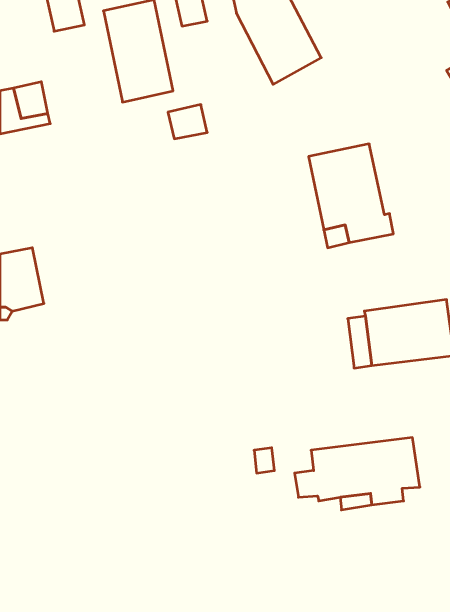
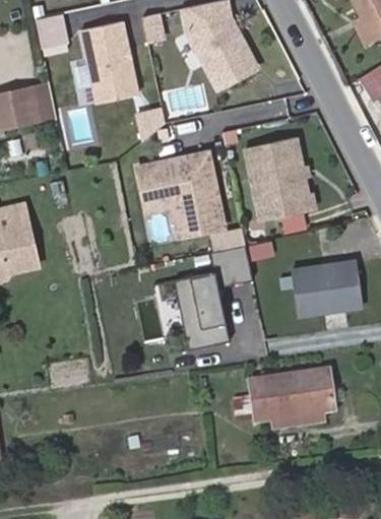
building: none -> [139,151,226,236]
building: none -> [174,243,253,346]

